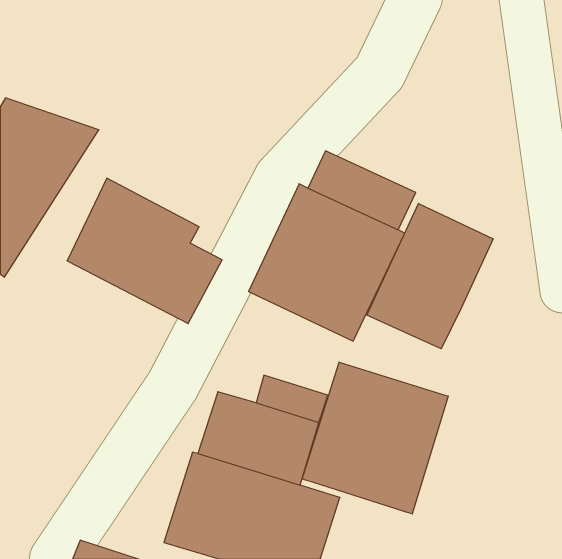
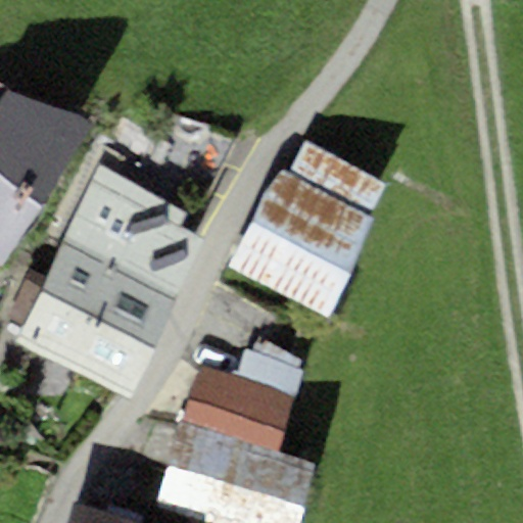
building: [367,203,493,349] -> none
building: none -> [19,242,175,396]
building: [302,362,448,514] -> none

